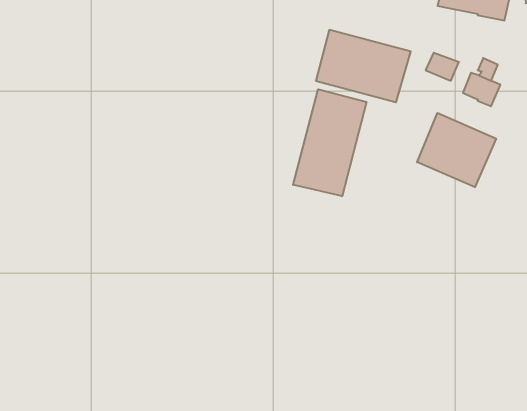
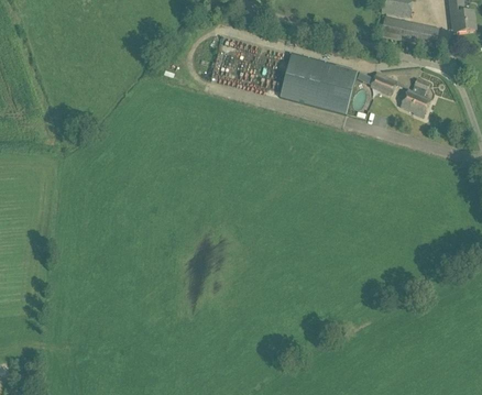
building: [293,89,367,196] -> none
building: [417,113,496,187] -> none

